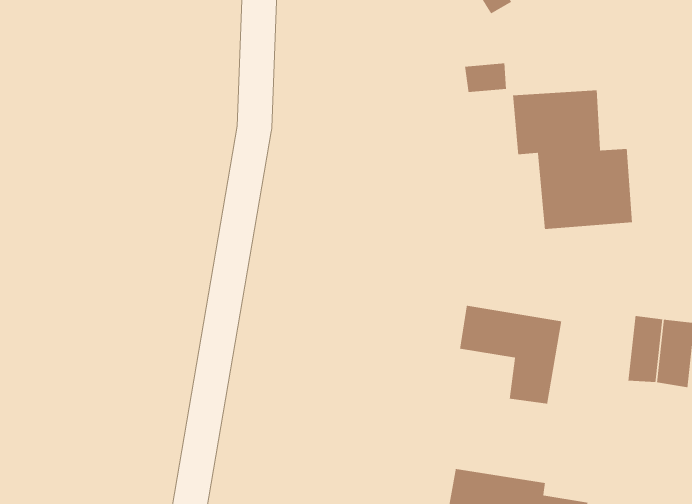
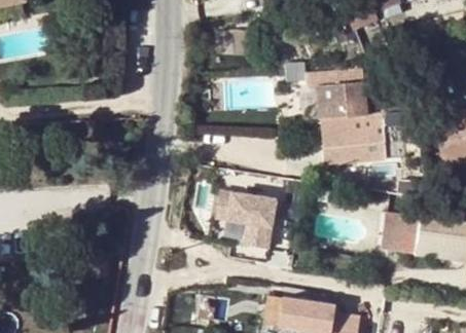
building: [459,305,562,404] -> [216,189,276,247]

